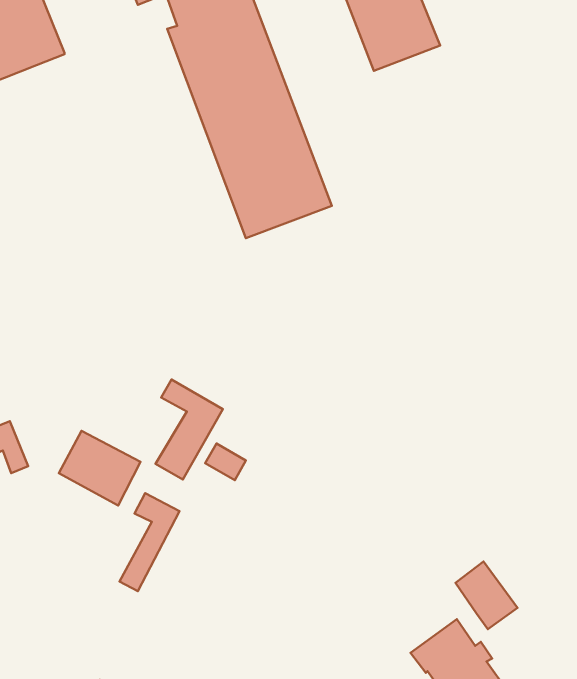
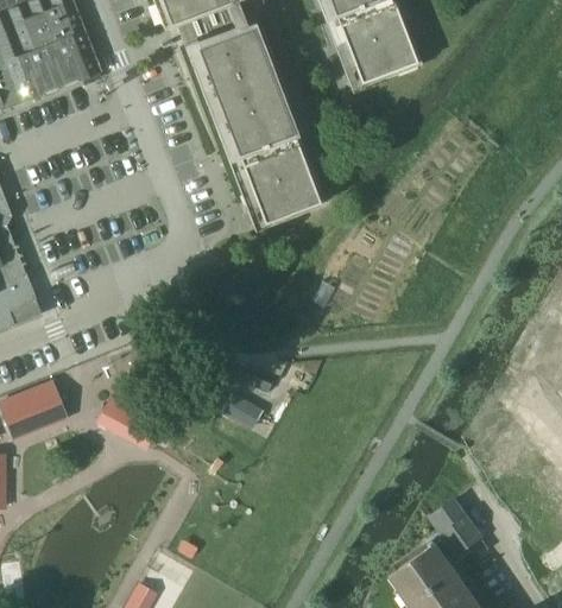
building: [155,380,223,480] -> none
building: [119,493,180,591] -> none

